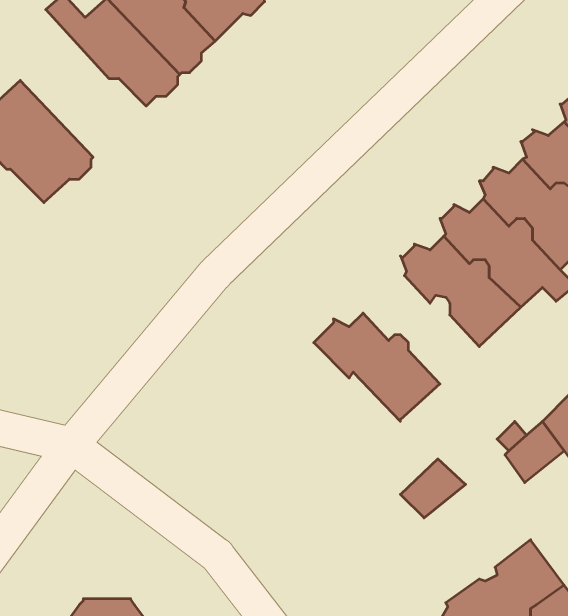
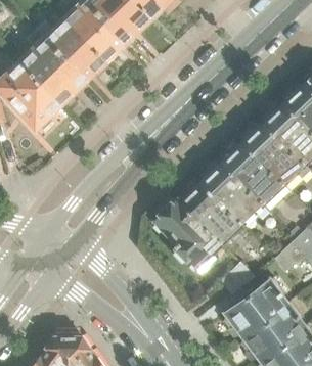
building: none -> [21,27,88,103]
building: none -> [199,165,270,221]
building: none -> [153,199,223,273]
building: none -> [223,278,287,334]

